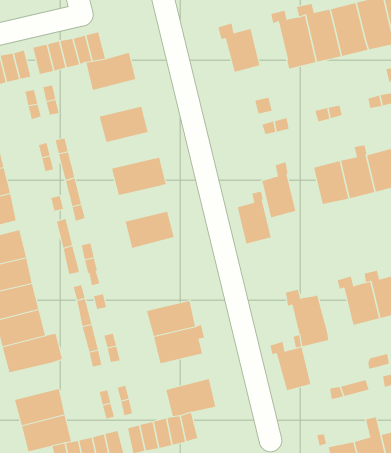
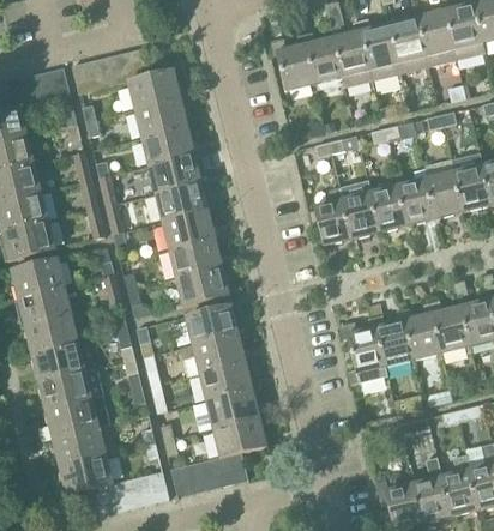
building: none -> [296,32,342,84]
building: none -> [134,98,187,138]
building: none -> [149,152,206,193]
building: none -> [162,211,215,249]
building: [237,191,272,244] -> [342,182,379,239]
building: none -> [176,266,229,306]
building: none -> [185,303,243,344]
building: [269,341,311,391] -> [367,314,411,367]
building: none -> [206,390,259,428]
building: none -> [46,396,109,439]

